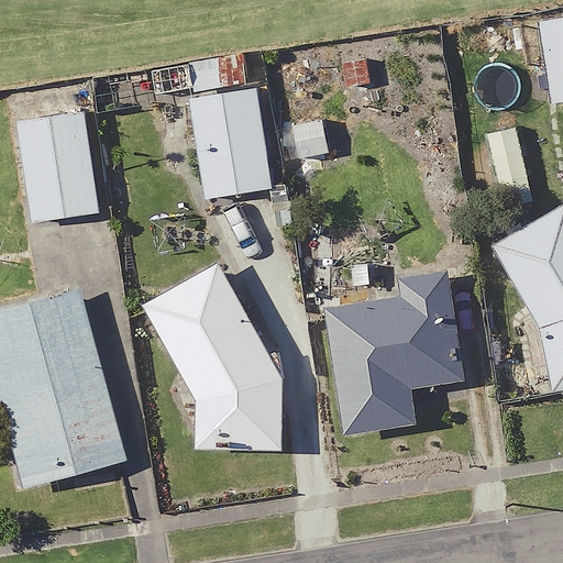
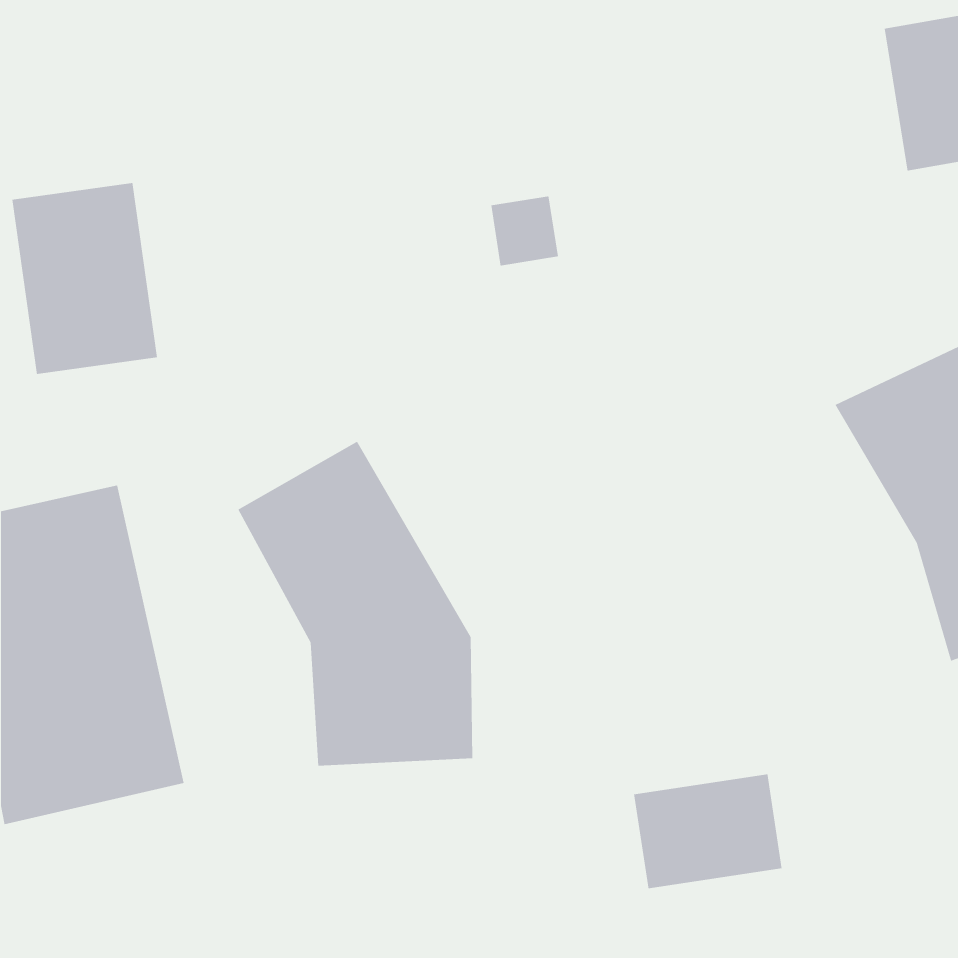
building: [155,55,273,200] -> none
building: [331,272,463,433] -> none
building: none -> [634,774,782,889]

